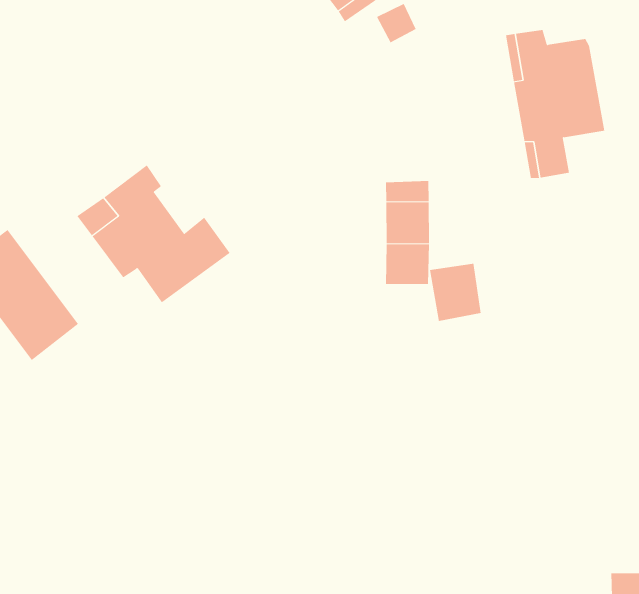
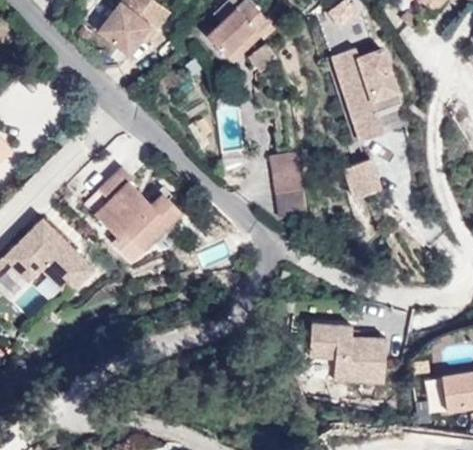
building: [429,263,482,321] -> [343,160,379,199]
building: none -> [309,328,385,384]

